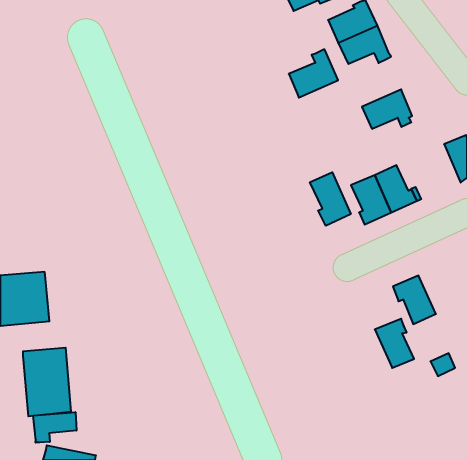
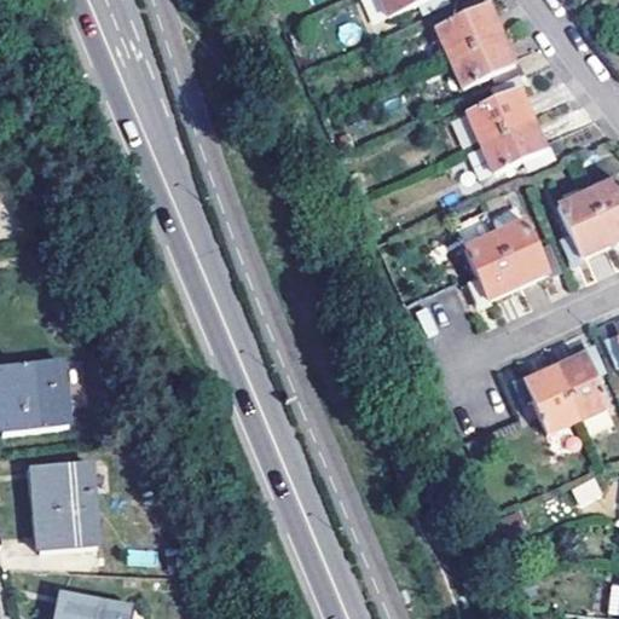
building: [289,49,338,98] -> [465,77,531,141]
building: none -> [557,191,609,256]
building: [310,172,351,226] -> none
building: [375,319,414,368] -> [554,351,606,416]
building: [33,412,76,443] -> none

